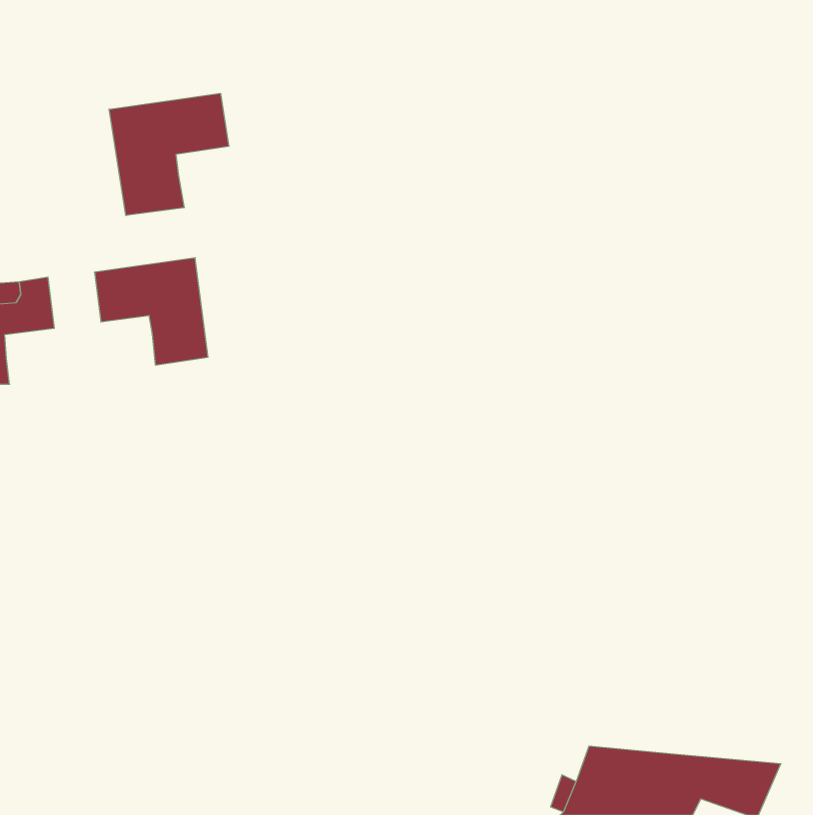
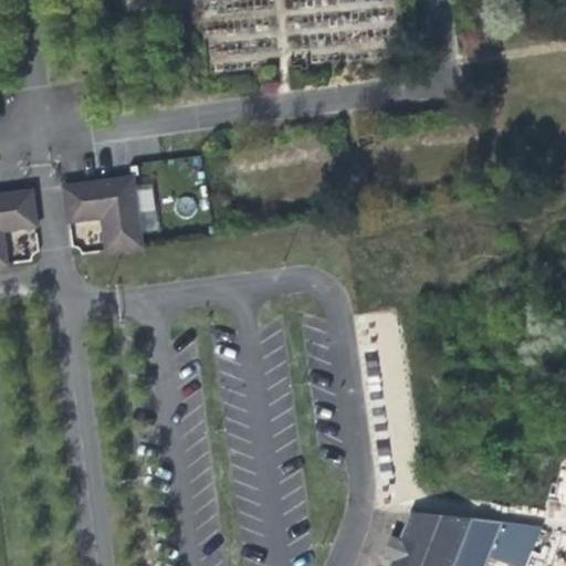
building: [109,93,229,216] -> none

